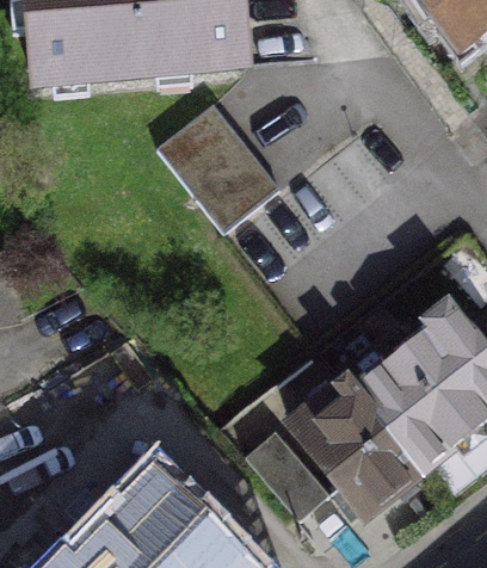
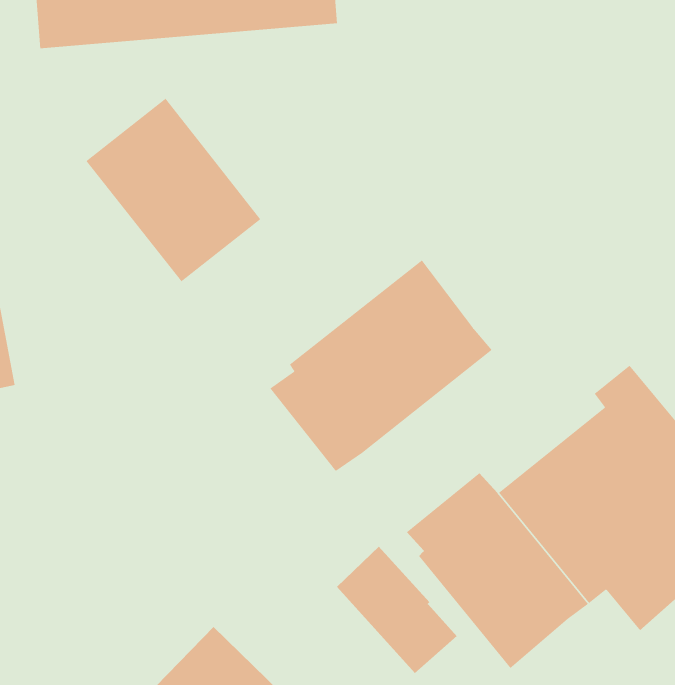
building: [153,100,276,229] -> [86,98,261,282]
building: none -> [270,259,493,472]

